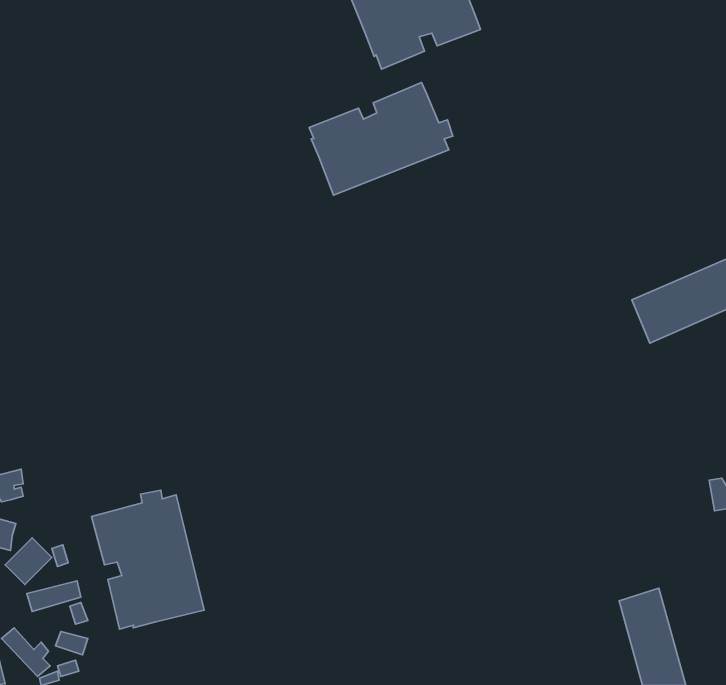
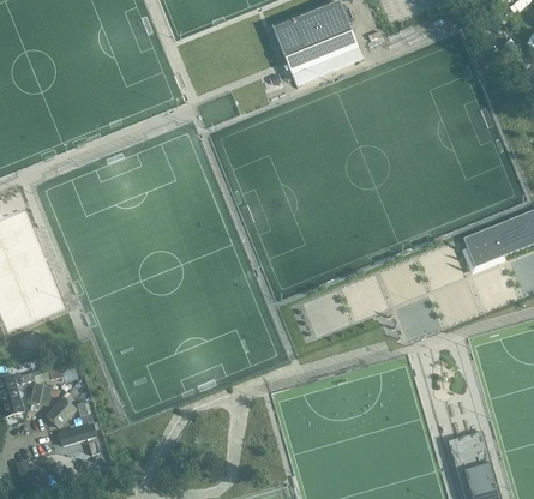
building: [309,83,453,195] -> none
building: [91,490,204,629] -> none

